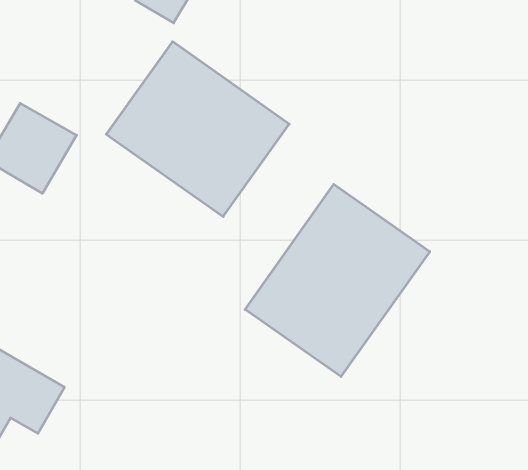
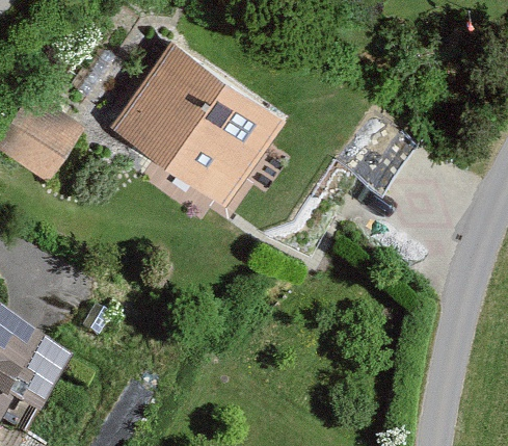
building: [245,184,430,377] -> none

